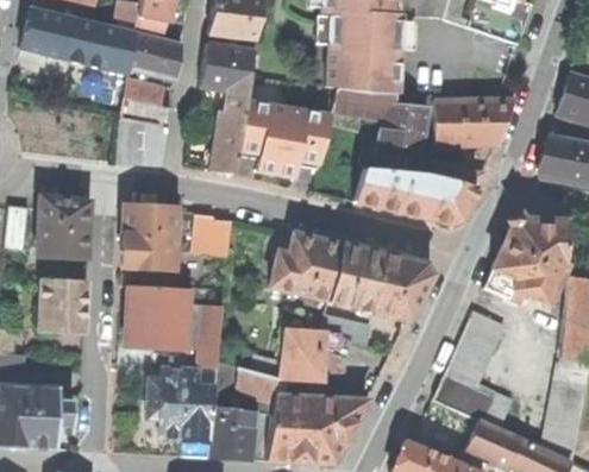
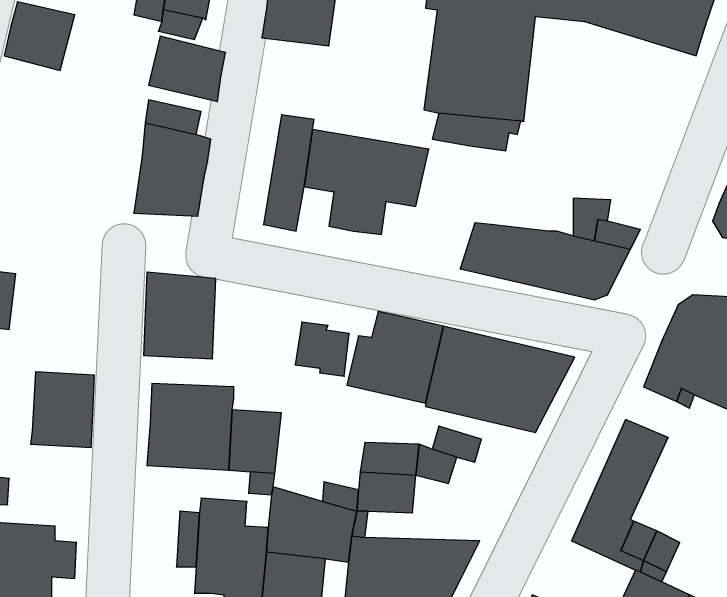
building: [62,18,134,74] -> none
building: [199,43,253,94] -> none
building: [434,99,514,146] -> none
building: [375,103,427,175] -> none
building: [37,195,90,258] -> none
building: [192,214,231,253] -> [295,322,349,376]

